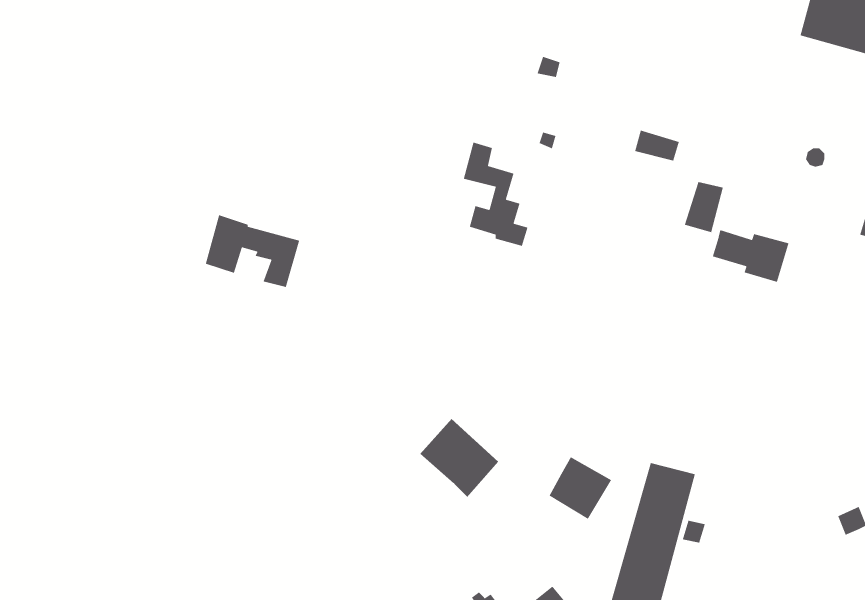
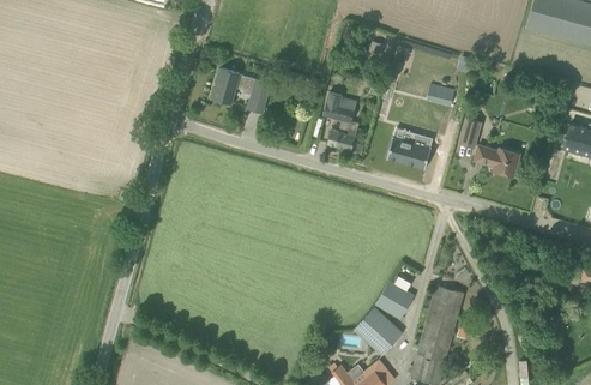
building: none -> [388,132,434,167]
building: [205,214,300,288] -> [212,67,270,112]
building: [420,418,499,498] -> [354,307,402,355]

